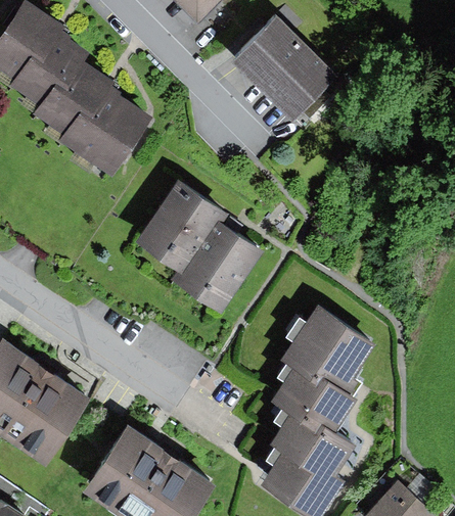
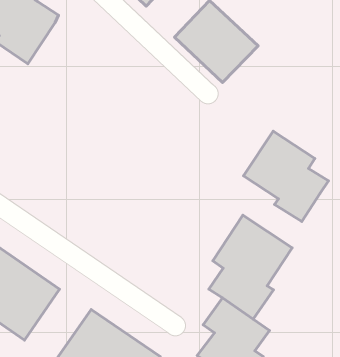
building: [43,61,153,180] -> none
building: [134,178,264,313] -> none
building: none -> [244,131,329,222]

